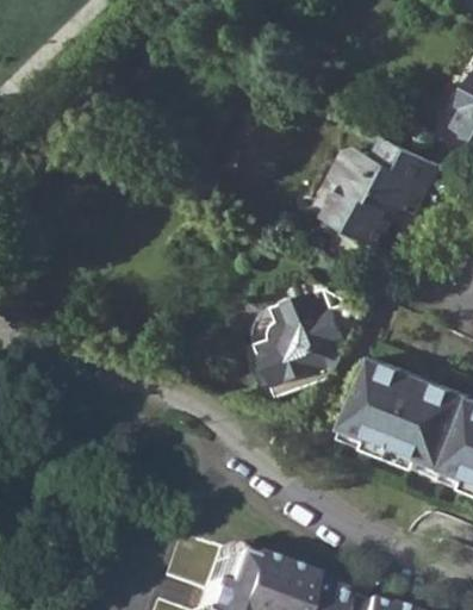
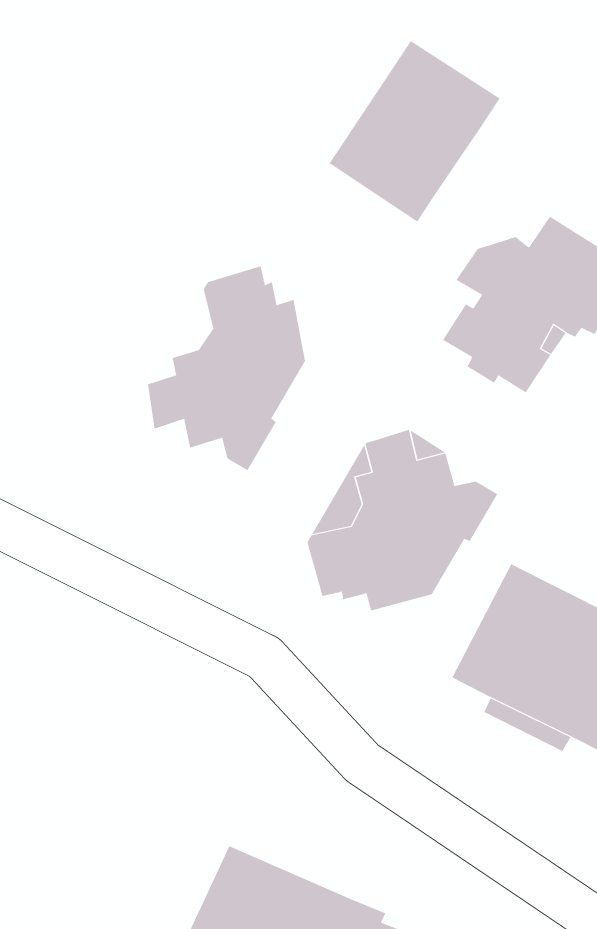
building: none -> [329,40,501,222]
building: none -> [148,266,306,471]

